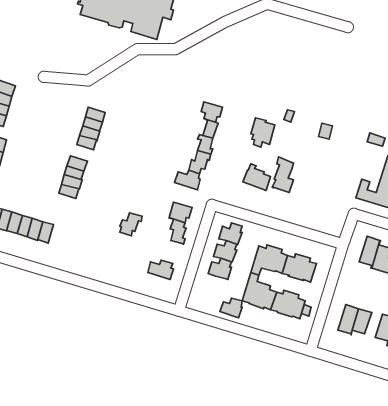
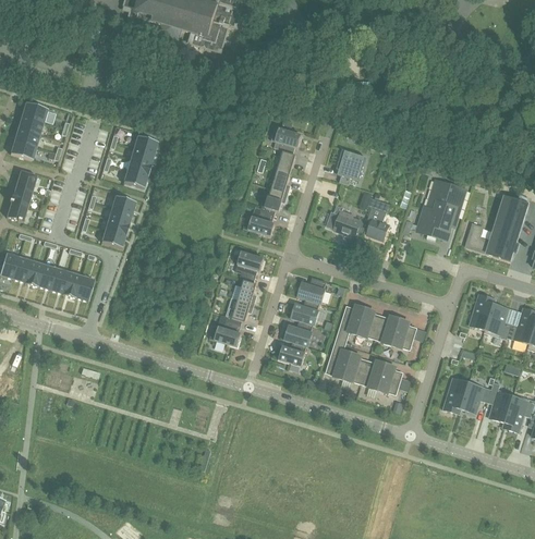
building: none -> [420,179,464,238]
building: [120,213,142,236] -> [226,297,253,326]
building: [220,298,242,318] -> [278,341,305,365]

